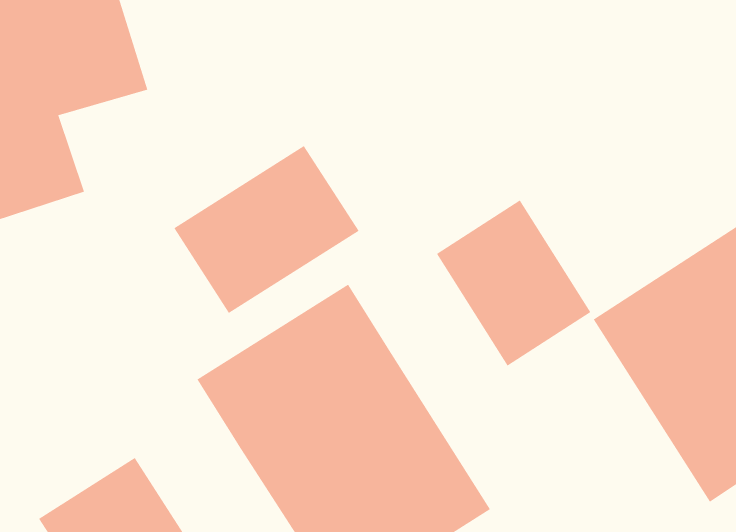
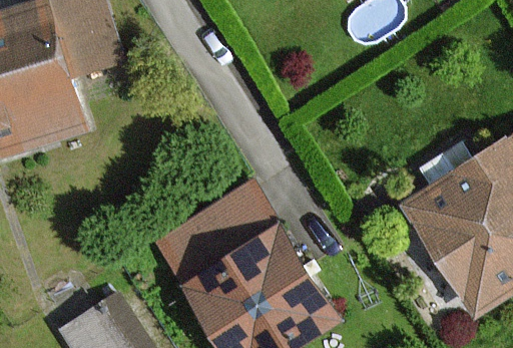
building: [173,145,359,314] -> none
building: [436,200,591,367] -> none

